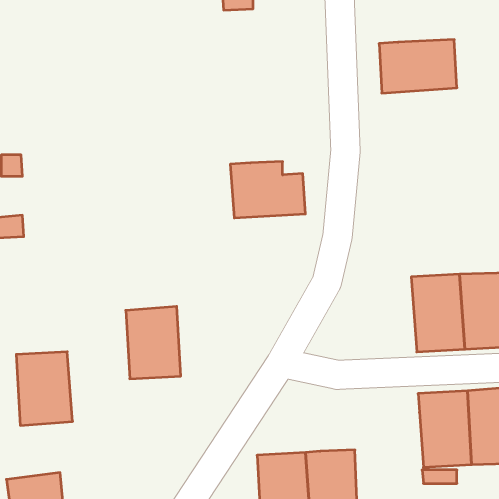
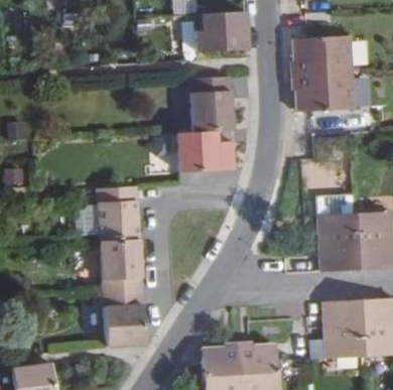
building: none -> [196,12,247,52]
building: none -> [294,73,353,113]
building: none -> [192,74,234,129]
building: none -> [98,184,140,240]
building: [16,352,73,425] -> [105,289,147,345]

